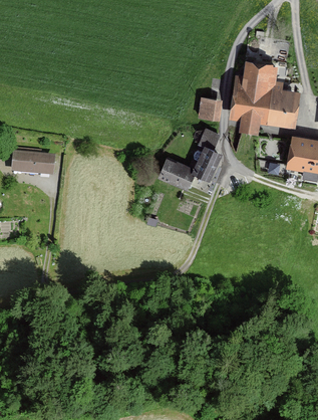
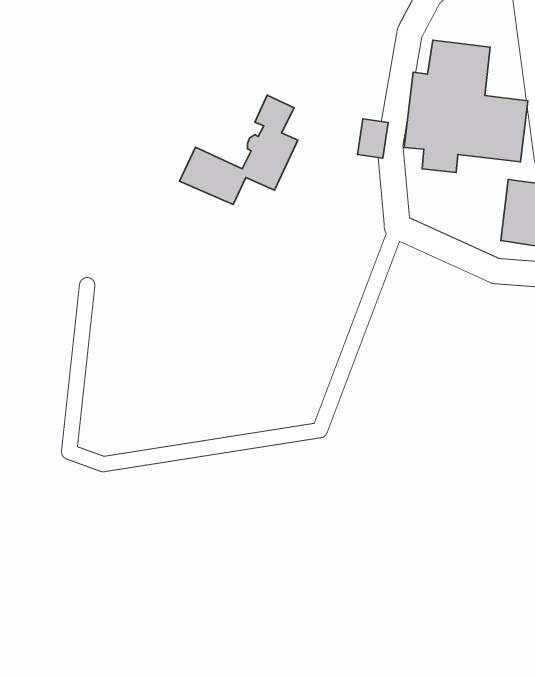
building: [155,131,222,192] -> [179,95,298,204]
building: [10,153,54,178] -> none

